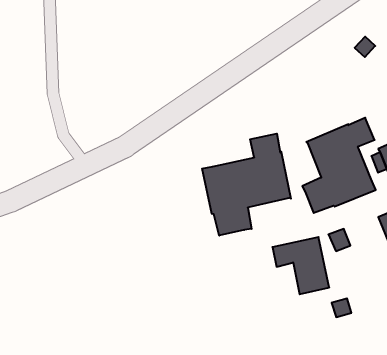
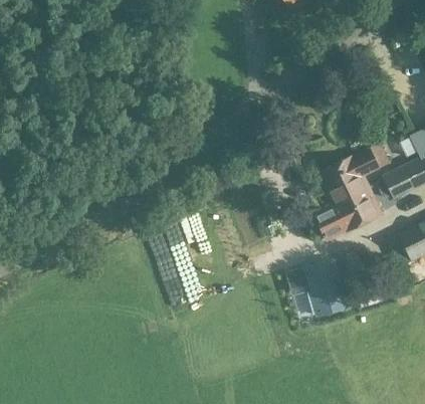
building: [202,134,291,236] -> none

